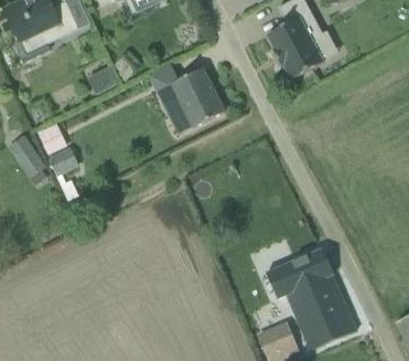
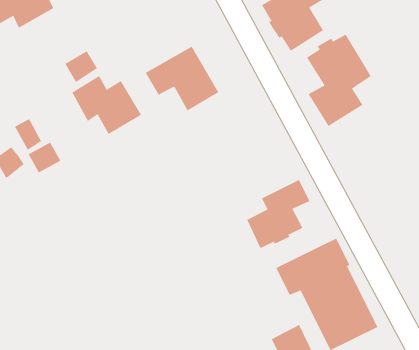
building: none -> [306,34,372,127]
building: none -> [71,75,142,135]
building: none -> [246,179,310,249]

